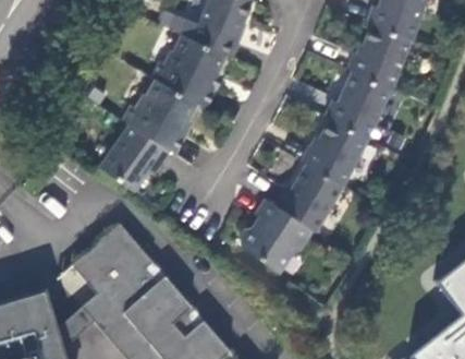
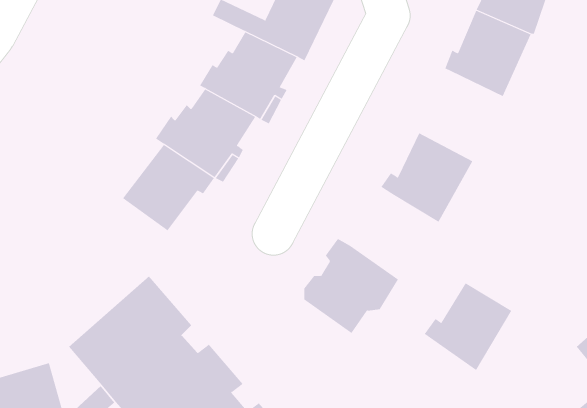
building: [320,68,390,136] -> none
building: [273,161,341,229] -> [424,282,512,371]

